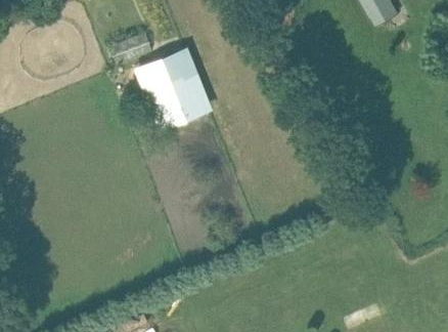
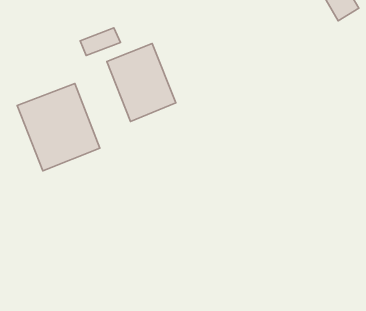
building: none -> [17,84,100,171]

